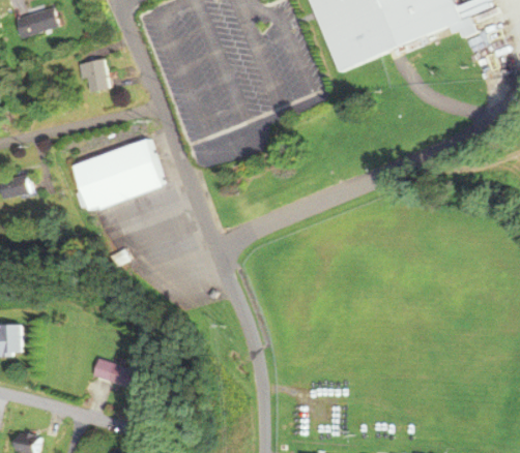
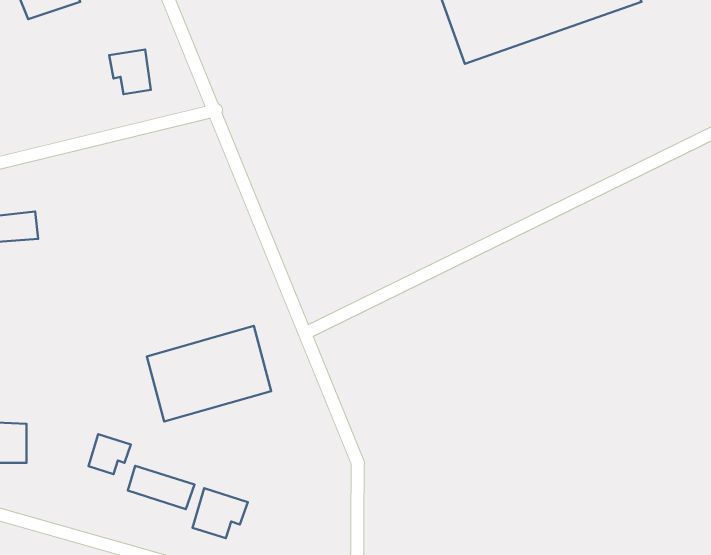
building: [71,141,161,209] -> [147,326,271,421]
building: none -> [89,434,131,474]
building: none -> [193,488,248,538]

